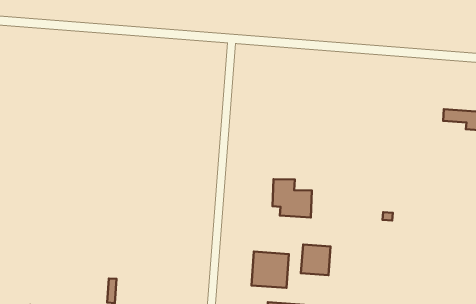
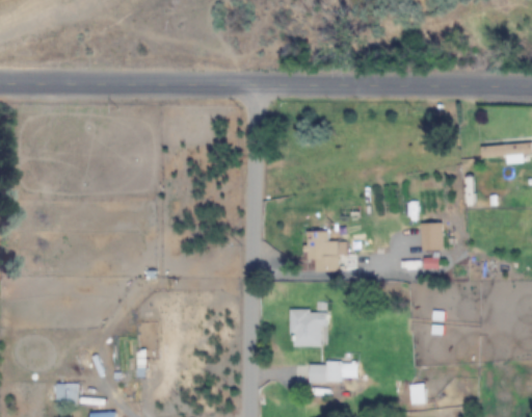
building: none -> [422,223,443,250]
building: [301,244,330,275] -> none

